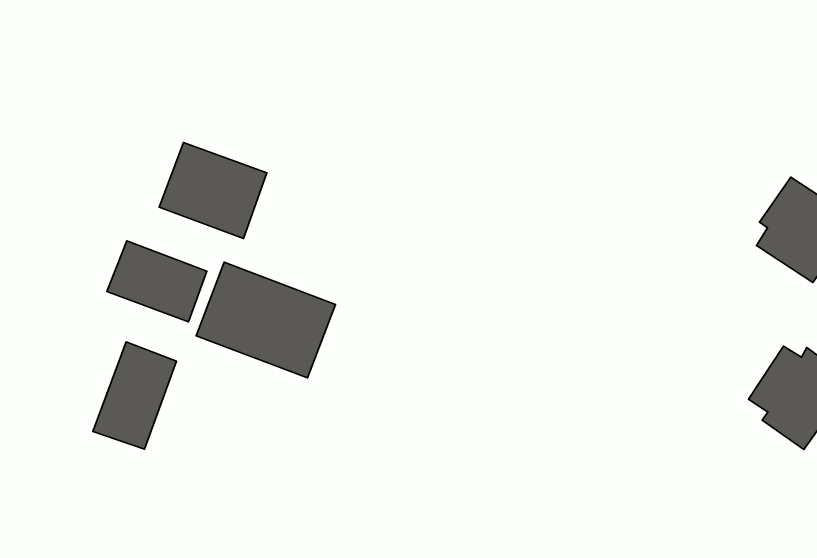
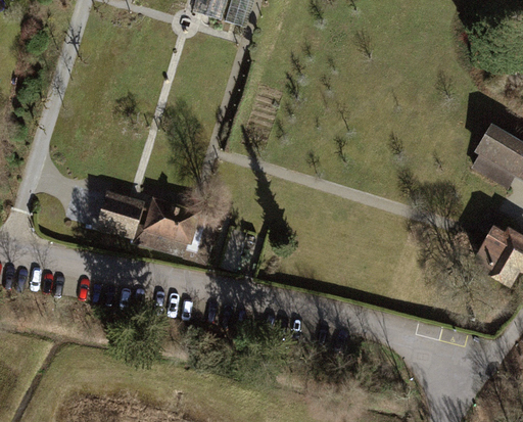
building: [159,143,267,239] -> none
building: [93,342,177,449] -> none

